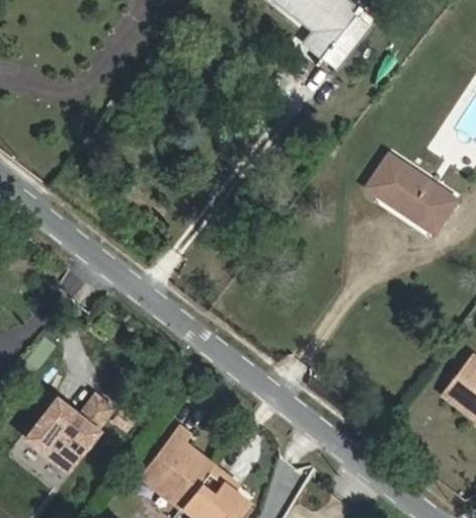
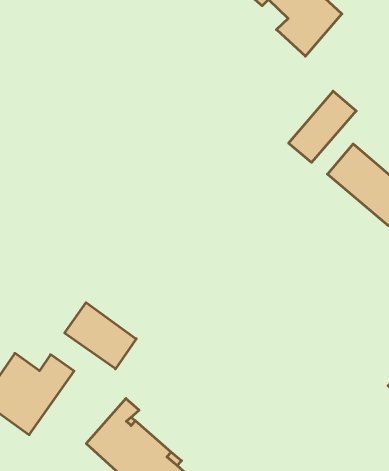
building: none -> [289,91,356,162]
building: none -> [65,303,136,369]

